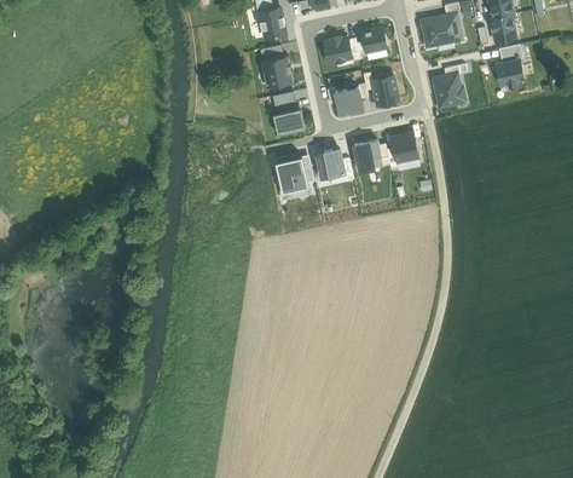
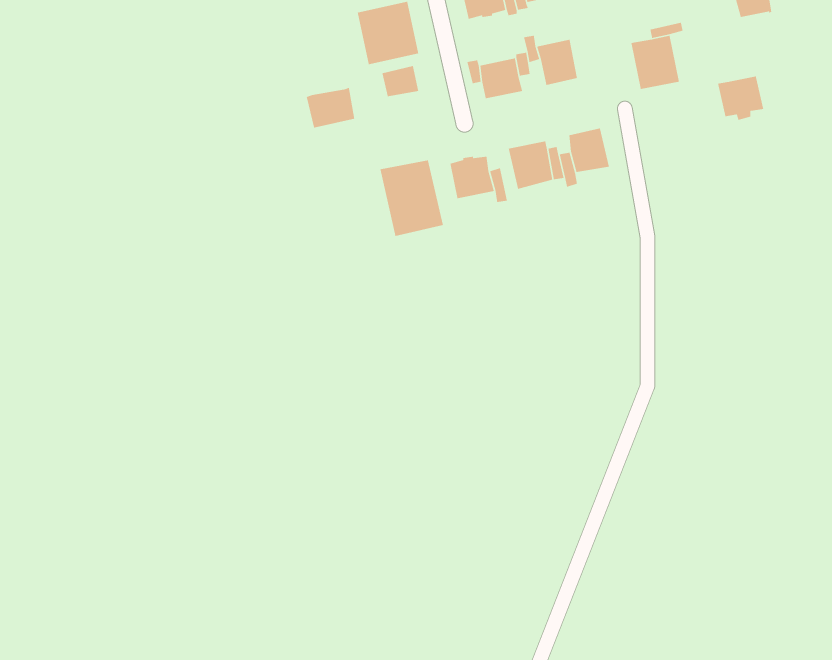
building: [494,58,525,87] -> [717,76,764,121]
building: [272,108,303,134] -> [306,87,355,128]

